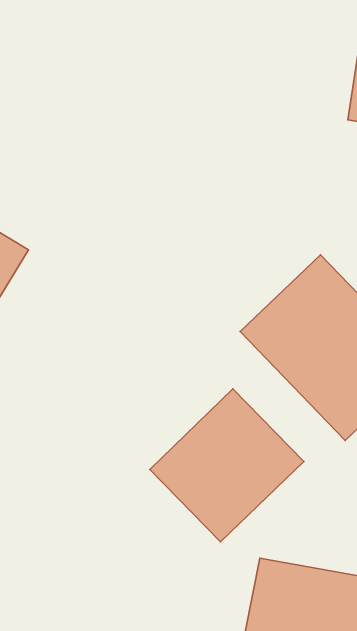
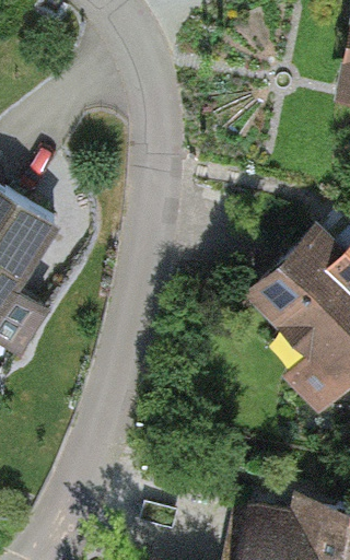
building: [150,389,304,542] -> none

